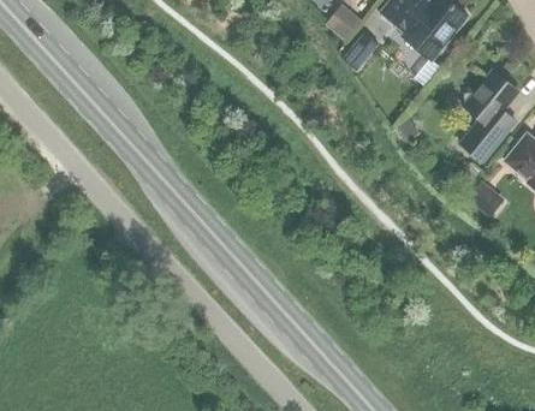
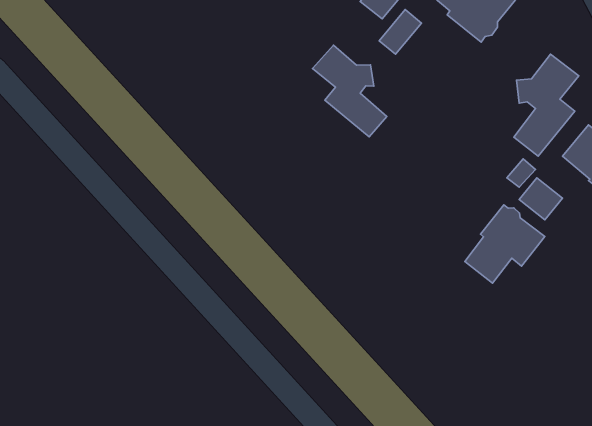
building: none -> [313,45,387,137]
building: none -> [465,205,545,283]

